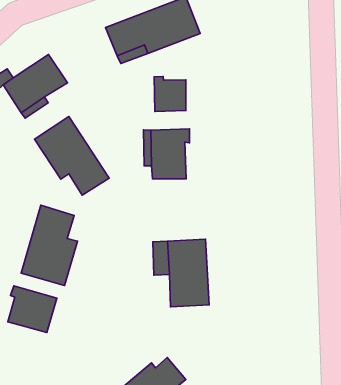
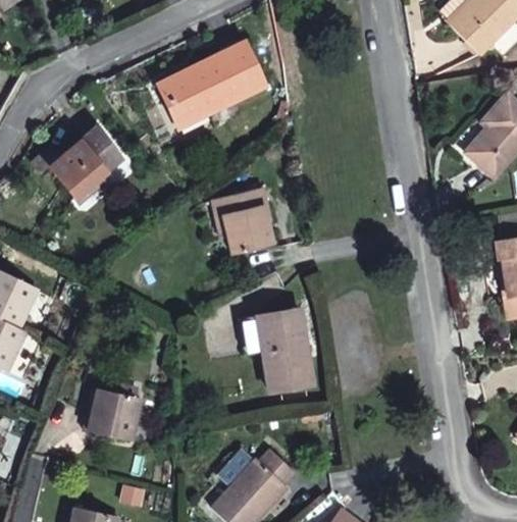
building: [154,76,186,111] -> none
building: [35,117,109,195] -> none
building: [21,205,77,286] -> none

